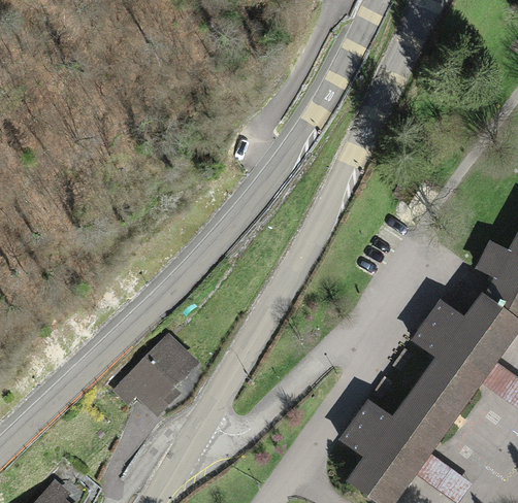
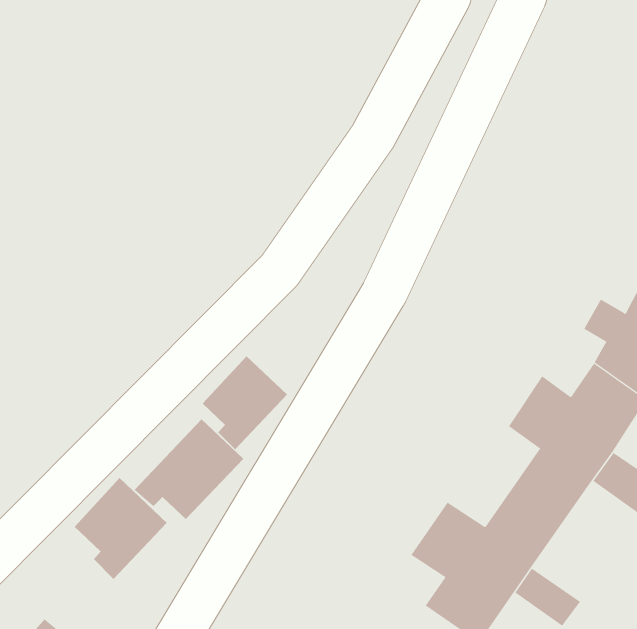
building: none -> [202,355,288,450]
building: none -> [74,477,167,580]

